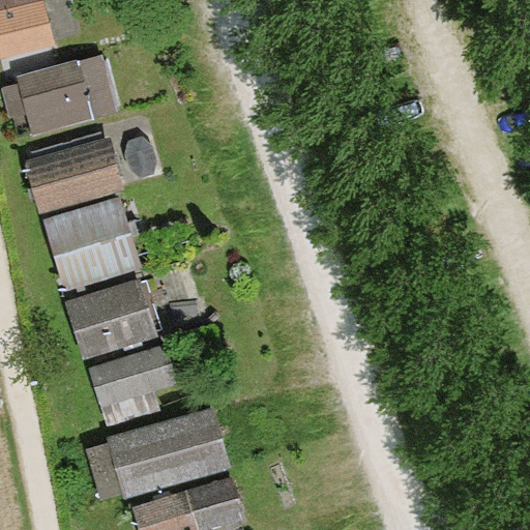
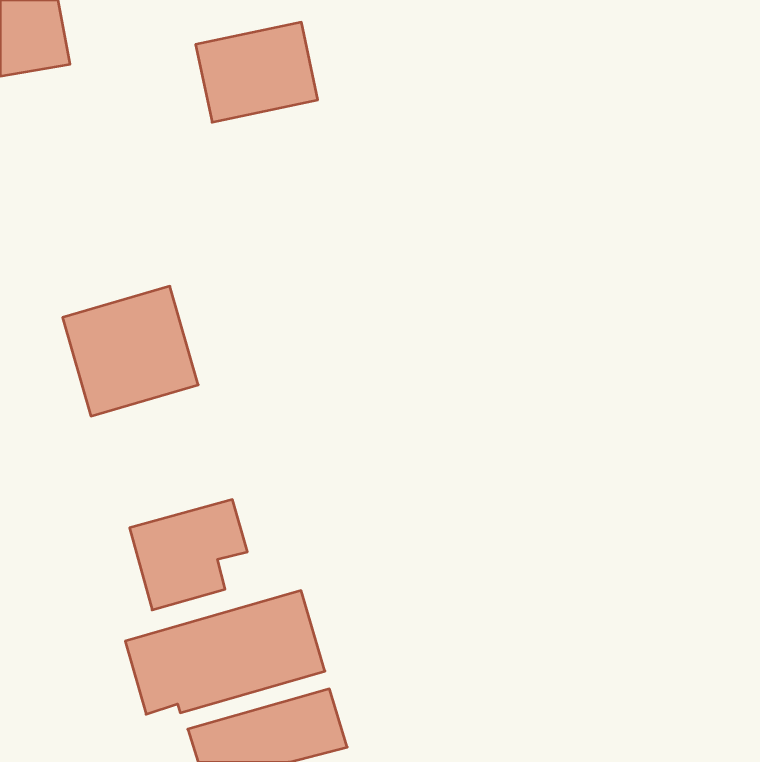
building: [23,58,108,127] -> [196,22,318,122]
building: [25,138,121,211] -> none
building: [66,279,155,356] -> none

